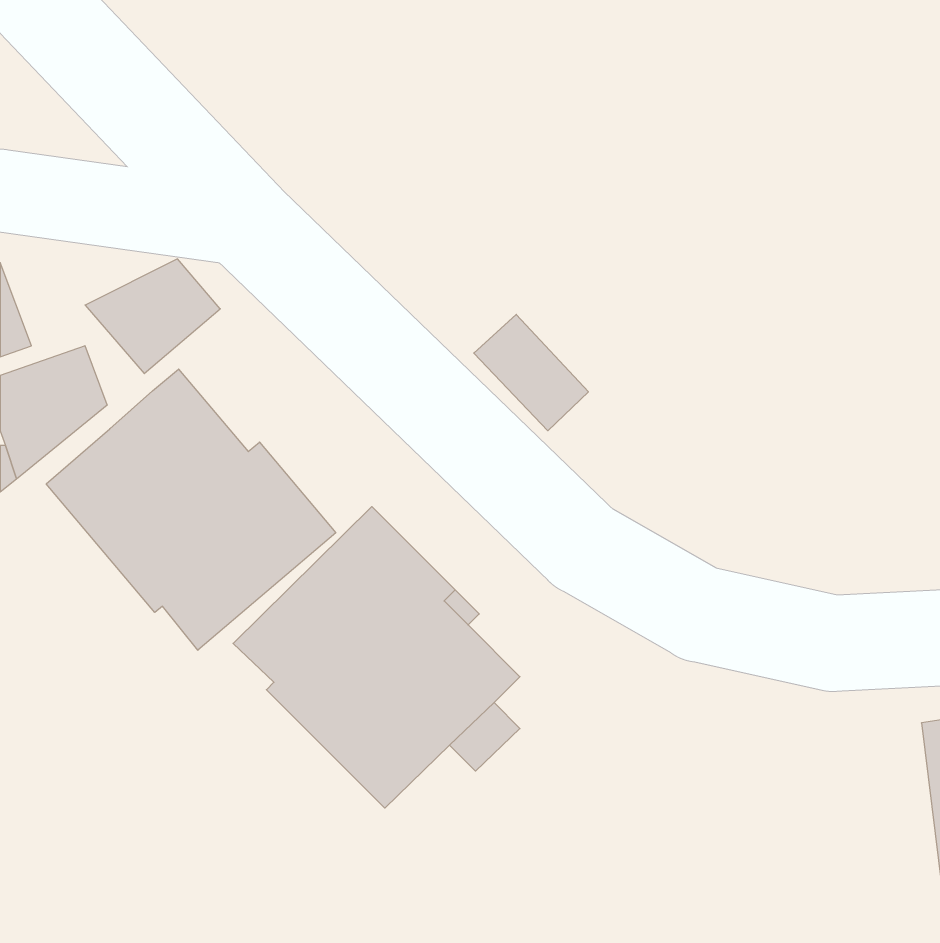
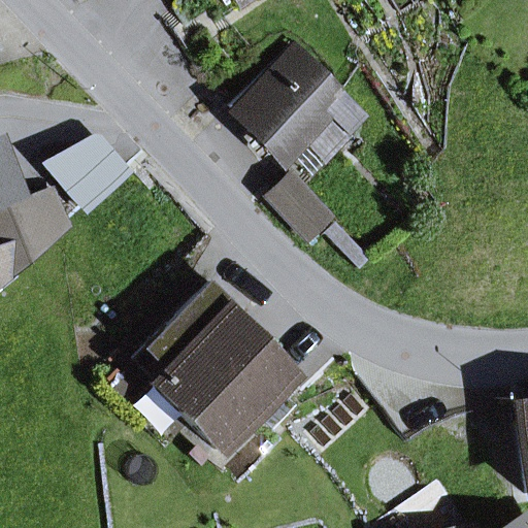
building: none -> [231,45,367,161]
building: [46,369,336,650] -> none

